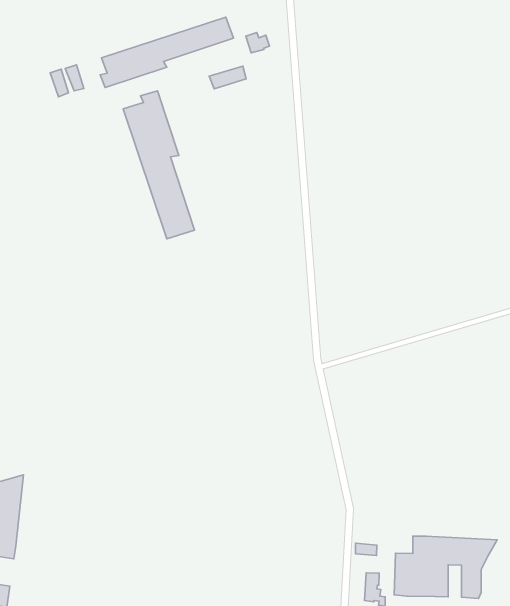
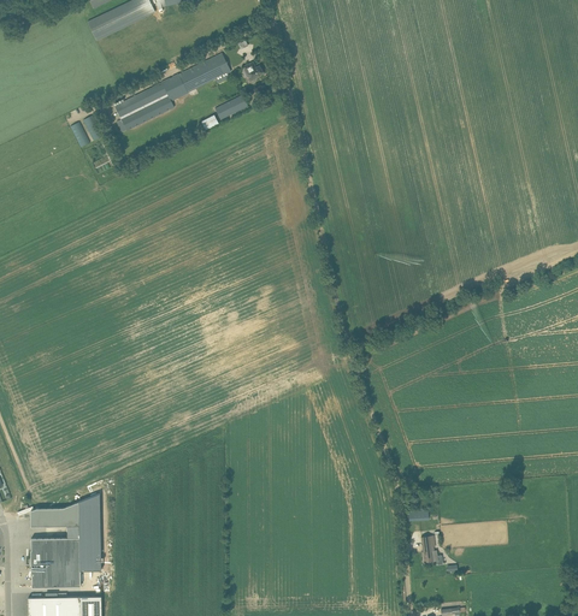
building: [123,91,195,239] -> none
building: [394,536,497,599] -> none

